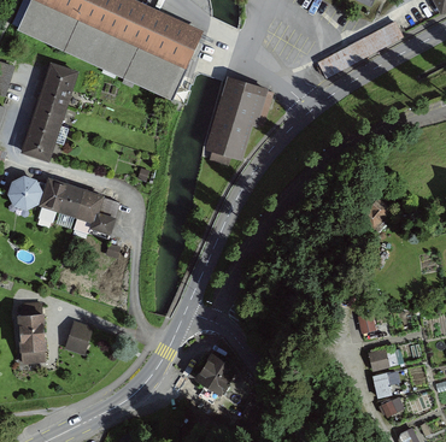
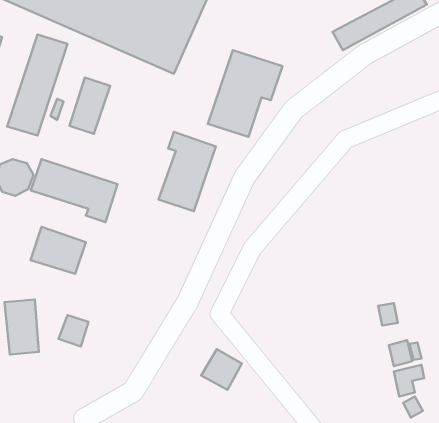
building: none -> [69,77,110,134]
building: none -> [159,132,216,211]
building: none -> [31,227,86,274]

